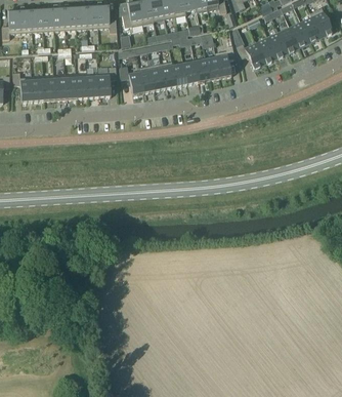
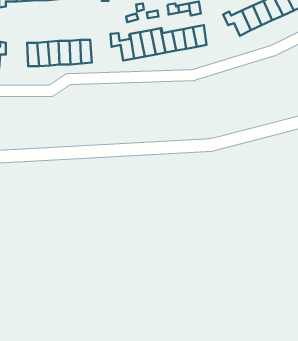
building: [215,45,234,78] -> none
building: [97,67,117,96] -> none
building: [12,72,33,102] -> none

